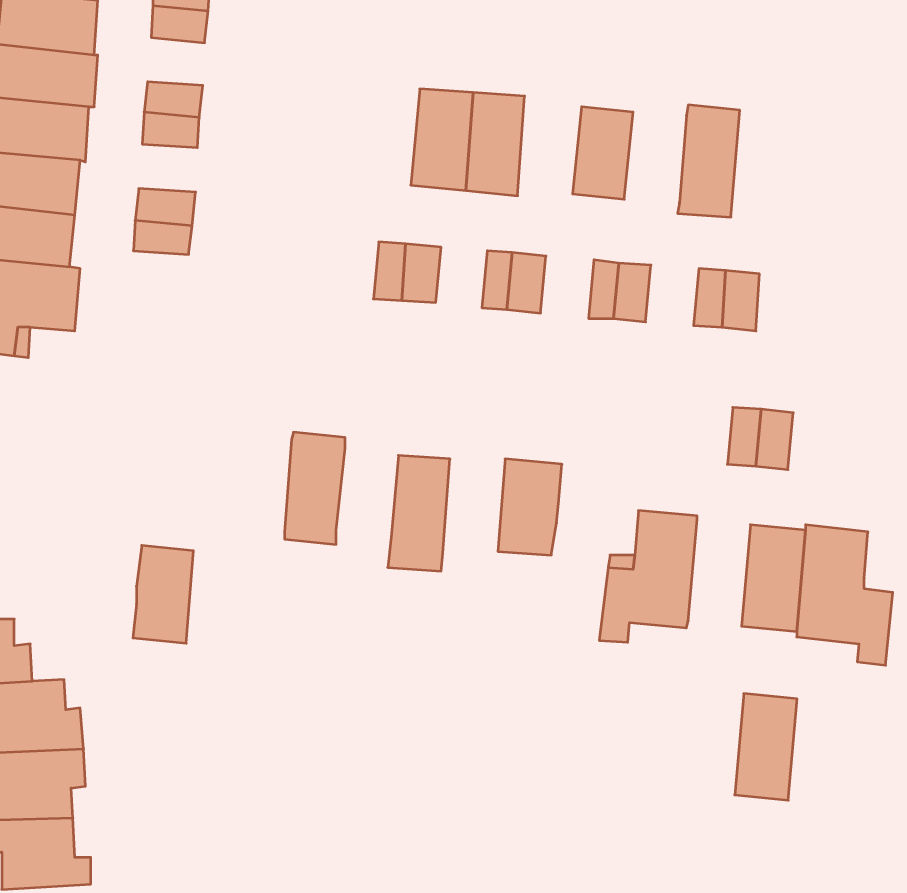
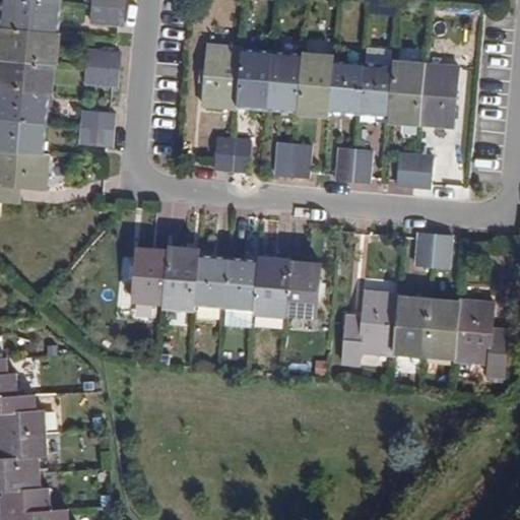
building: none -> [200,45,240,109]
building: none -> [296,53,332,116]
building: none -> [417,63,460,127]
building: none -> [356,64,392,116]
building: none -> [253,255,289,319]
building: none -> [192,256,228,307]
building: [133,545,193,643] -> [132,248,167,304]
building: [735,694,797,800] -> [393,297,429,358]

